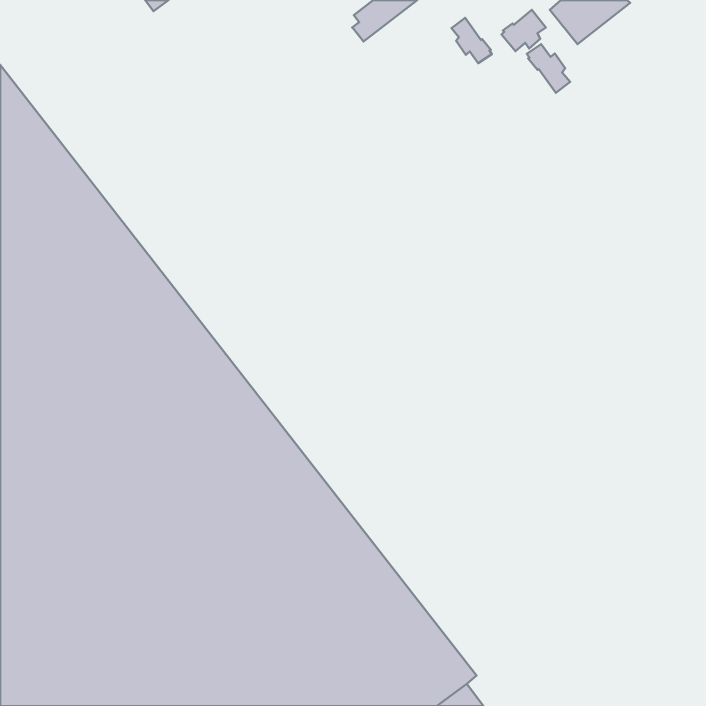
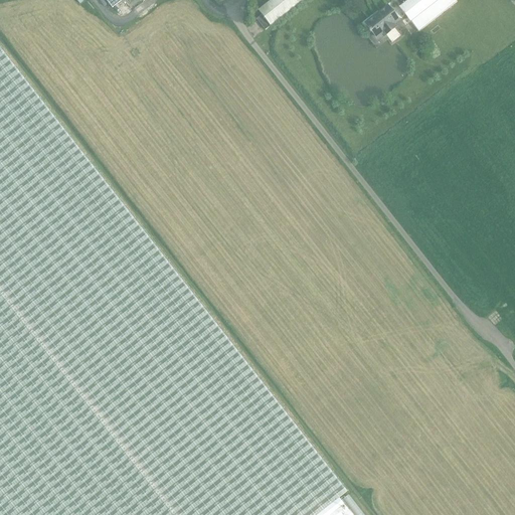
building: [451,18,492,63] -> none
building: [527,44,570,93] -> none

